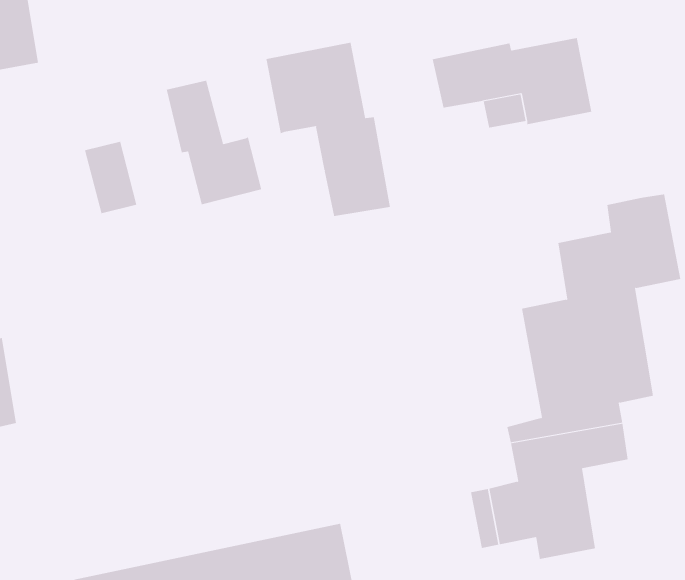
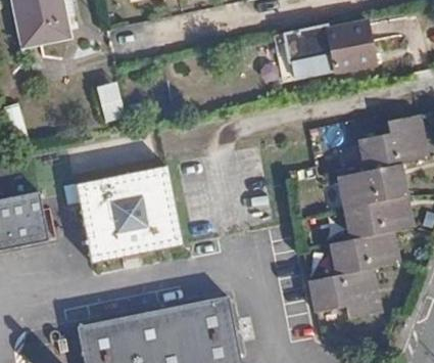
building: [266,42,390,217] -> none
building: [166,80,262,205] -> none
building: none -> [84,165,189,261]

